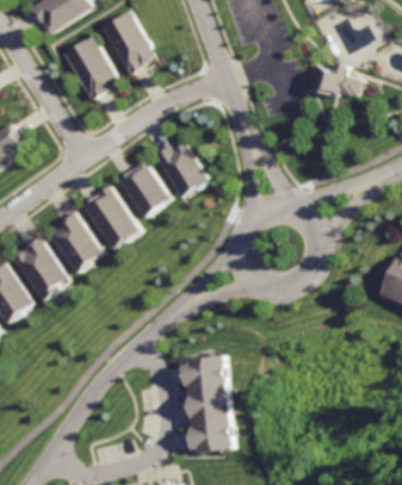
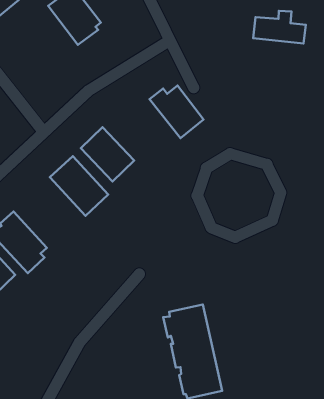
building: [60,36,116,100] -> none
building: [153,143,206,198] -> [149,86,204,138]
building: [51,213,103,271] -> none

